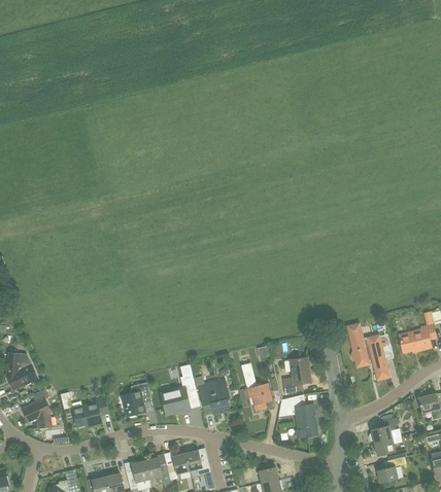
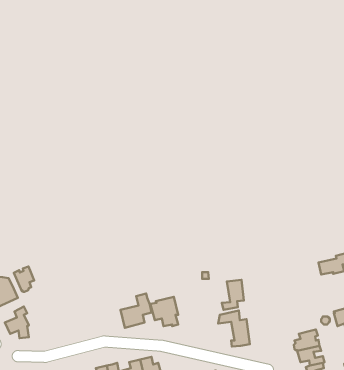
building: [347,323,393,379] -> none
building: none -> [14,266,34,292]
building: [243,371,272,412] -> none
building: [122,382,150,416] -> none
building: [72,398,108,426] -> none

